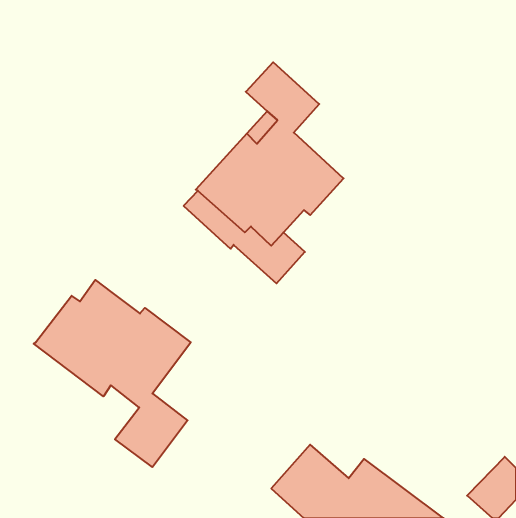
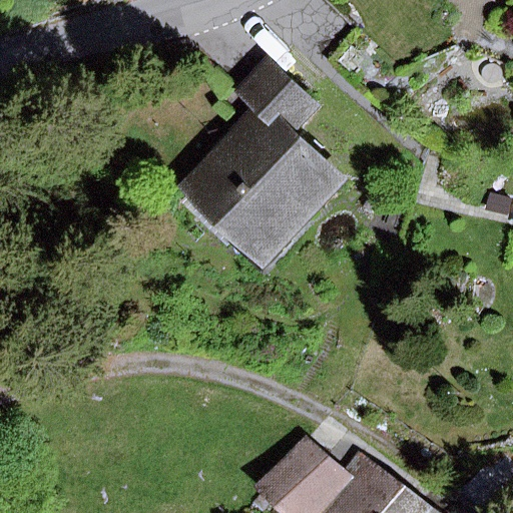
building: [34,280,191,467] -> none

